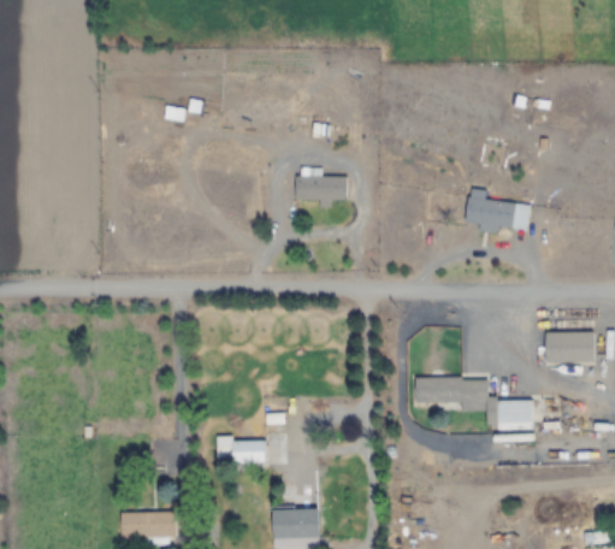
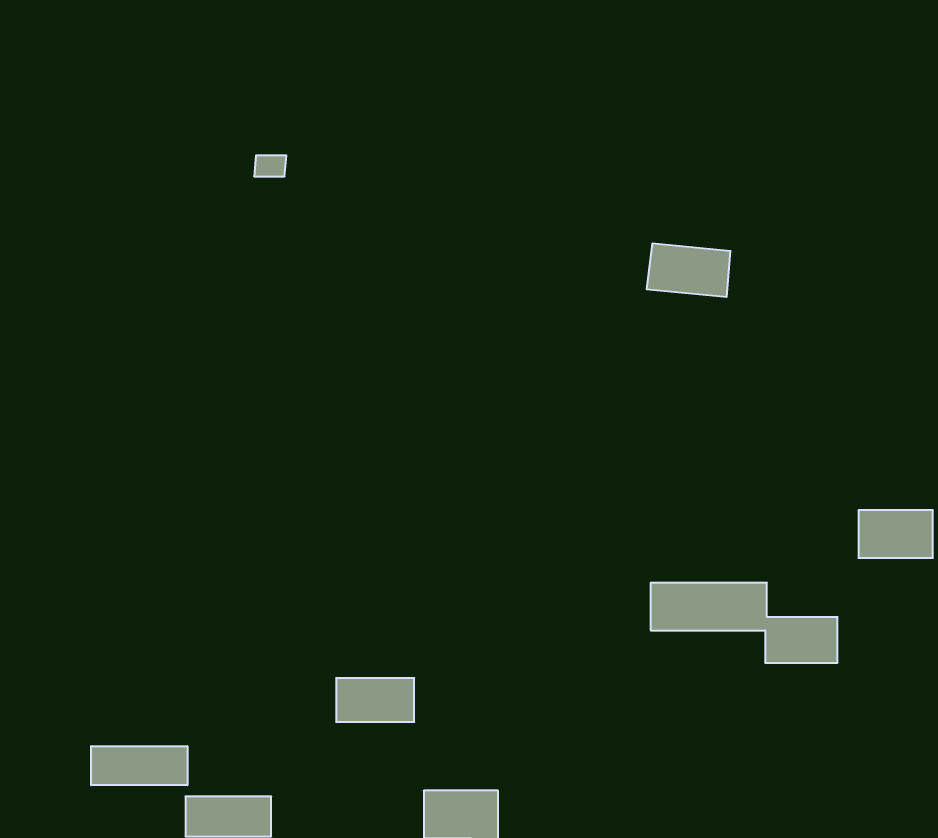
building: [297,173,348,201] -> none
building: [478,200,531,234] -> [647,243,731,297]
building: none -> [91,746,187,785]

